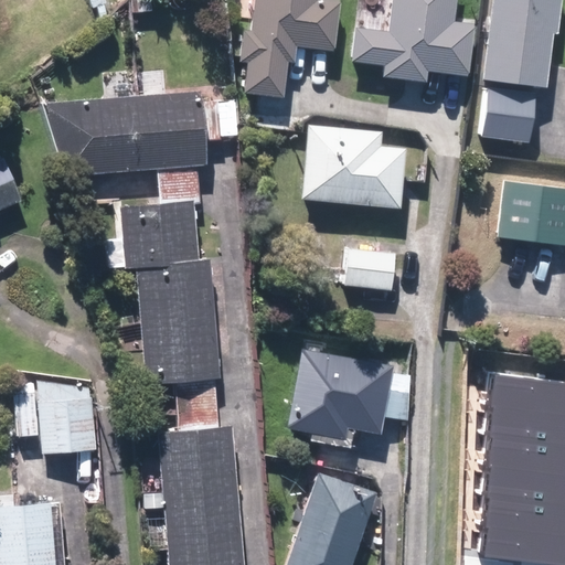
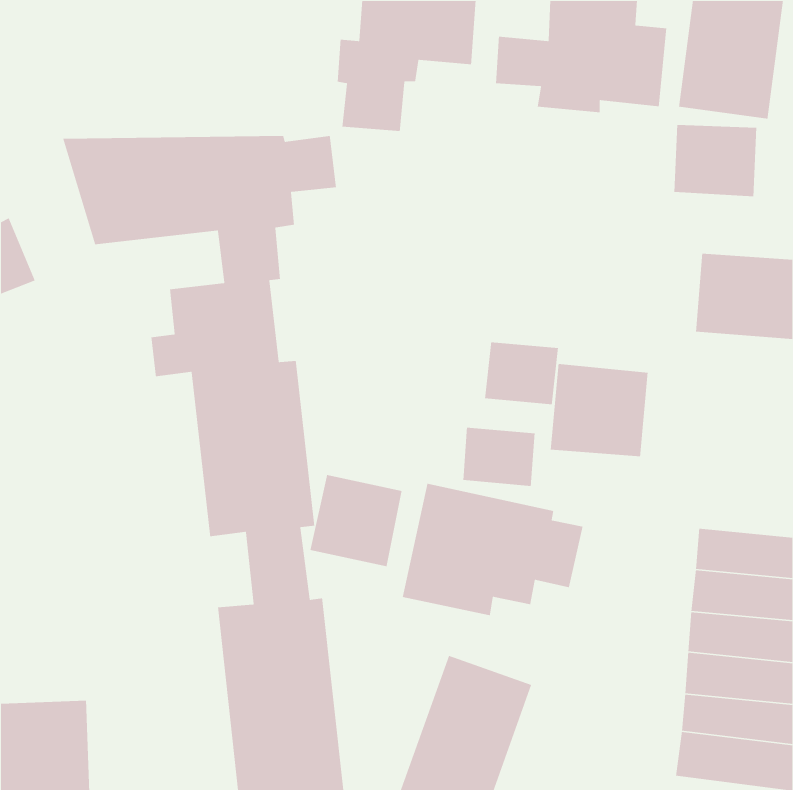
building: [301,124,406,207] -> none
building: none -> [550,363,648,457]
building: none -> [462,427,535,487]
building: none -> [310,474,403,567]
building: [13,382,95,455] -> none

